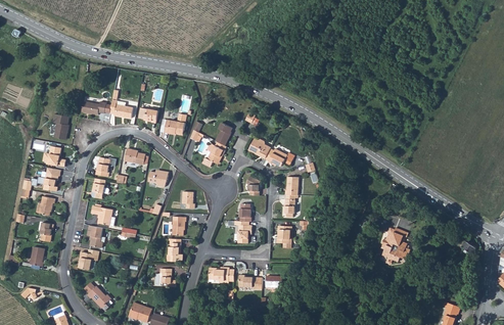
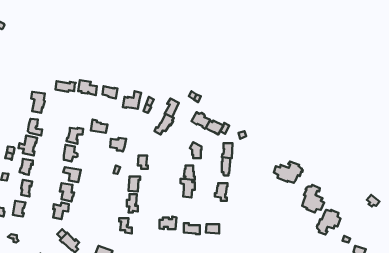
building: none -> [274,161,303,183]
building: none -> [317,210,341,235]

